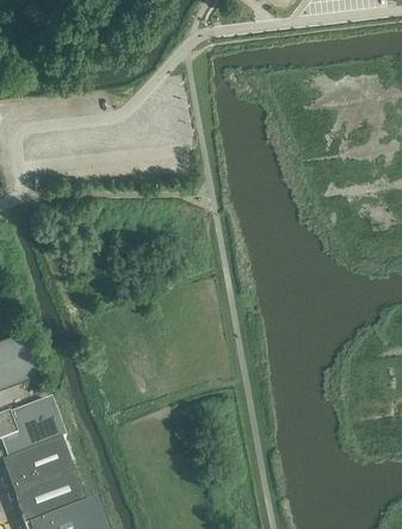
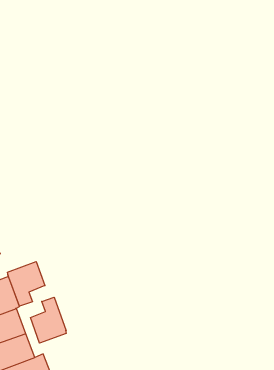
building: none -> [8,262,45,306]
building: none -> [30,297,66,343]

